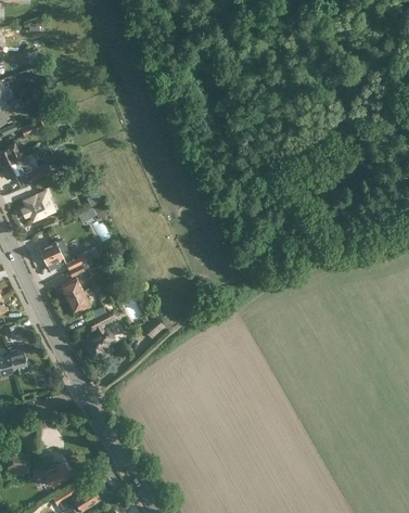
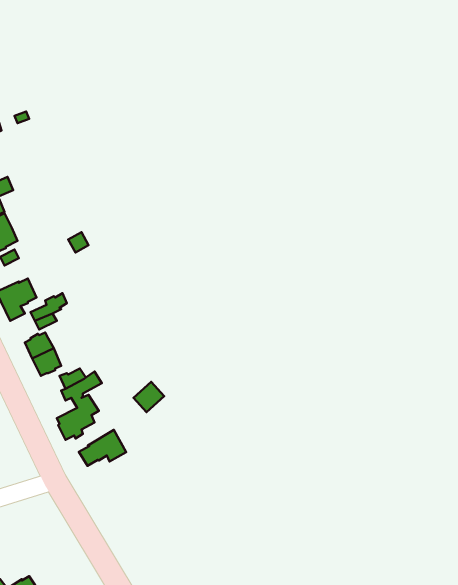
building: none -> [79,430,126,466]

